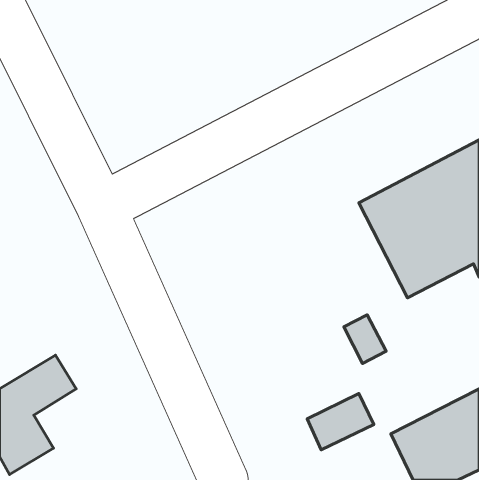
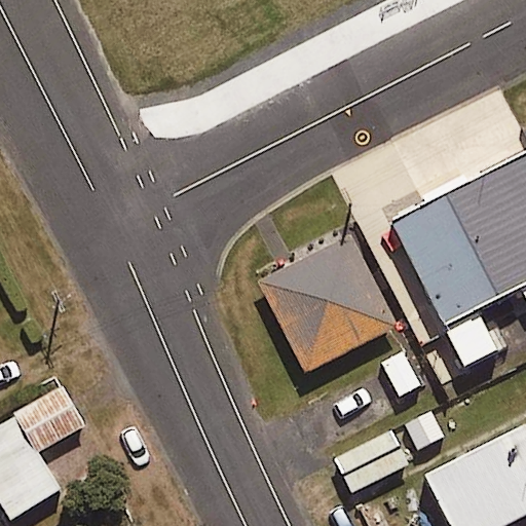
building: none -> [260,234,397,372]

